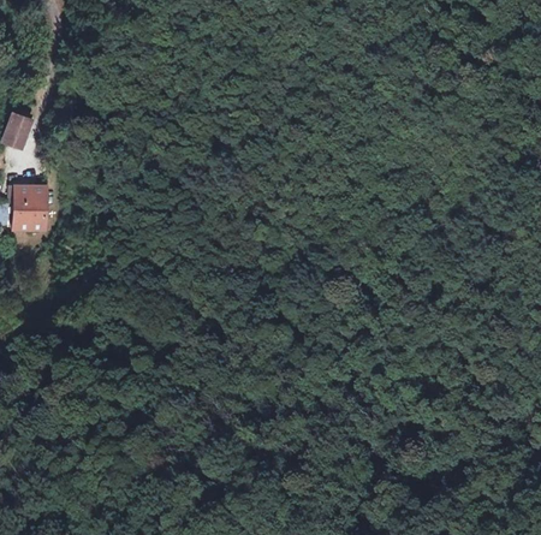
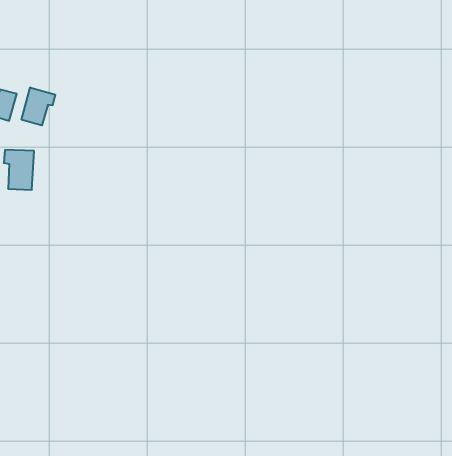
building: none -> [22,87,55,125]

